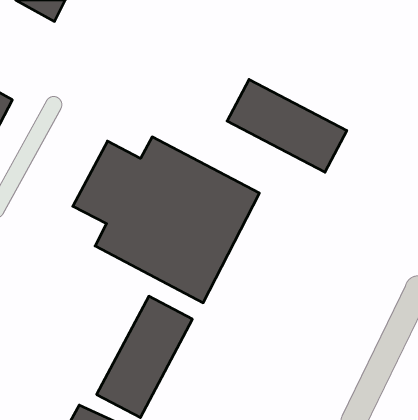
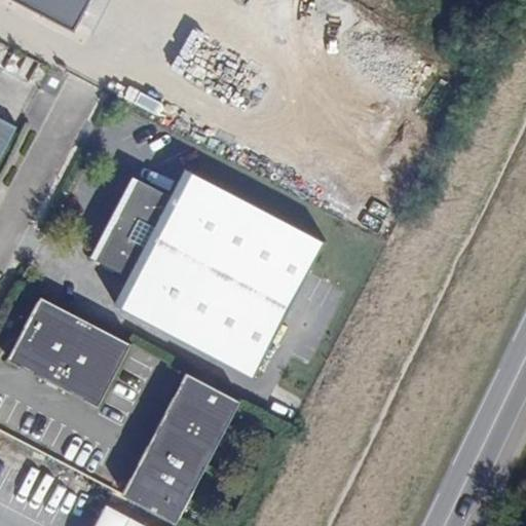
building: [227,79,347,172] -> none
building: none -> [7,296,129,406]

